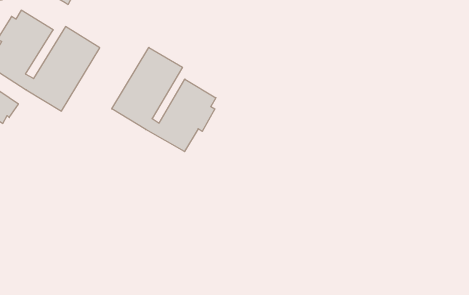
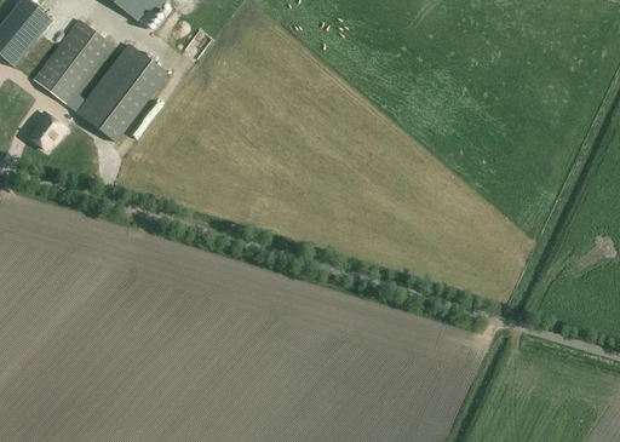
building: [112,47,216,152] -> none

